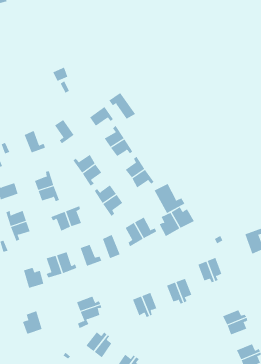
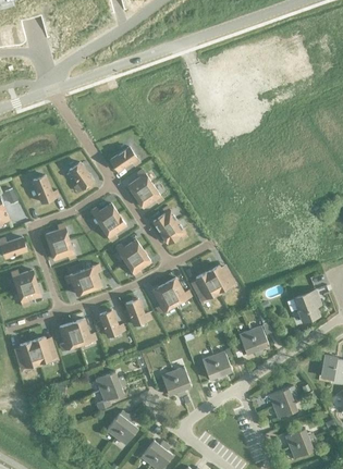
building: [108,92,136,120] -> none
building: [154,183,185,214] -> none
building: [22,311,42,335] -> [13,340,37,368]

